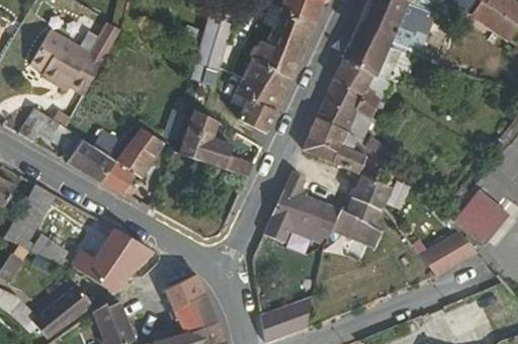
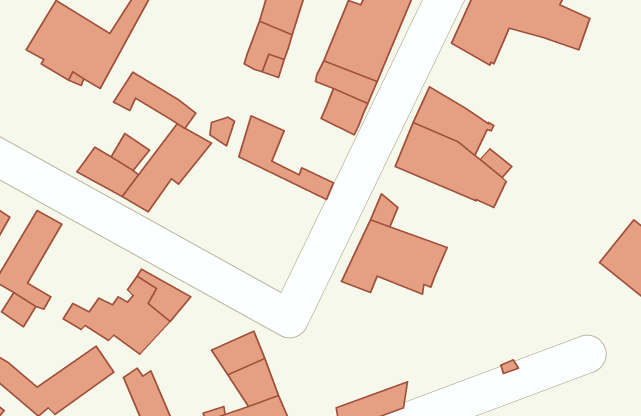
building: [325,49,409,119] -> none
building: [17,106,78,148] -> [114,72,196,128]
building: [329,175,387,249] -> none
building: [416,232,474,277] -> none

